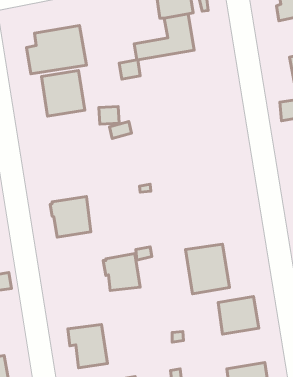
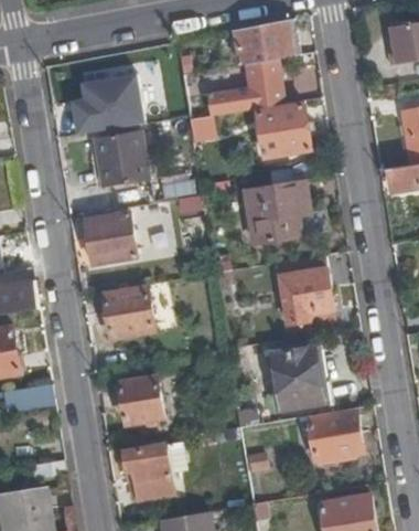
building: none -> [257,105,309,158]
building: none -> [245,179,311,243]
building: none -> [85,213,136,263]
building: none -> [277,255,331,323]
building: [103,254,140,291] -> [117,378,163,424]

